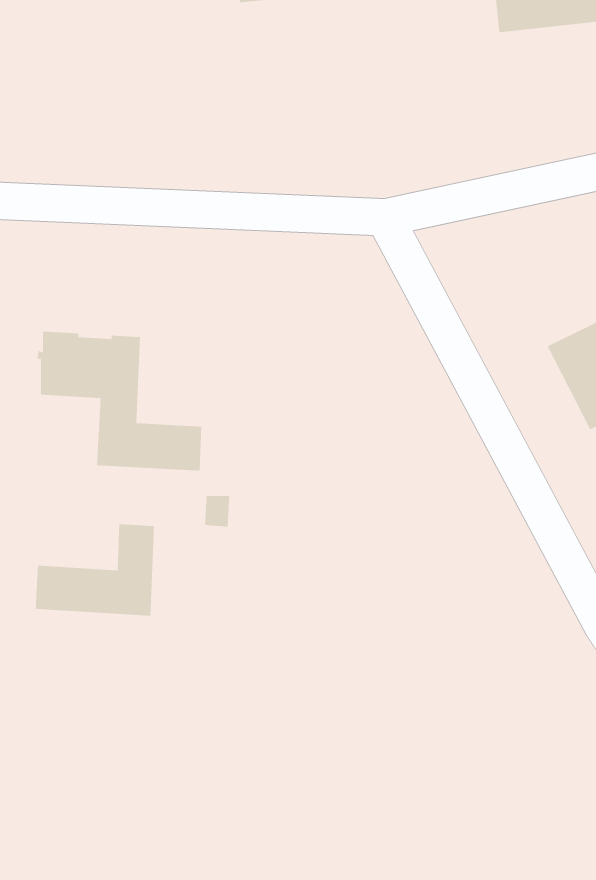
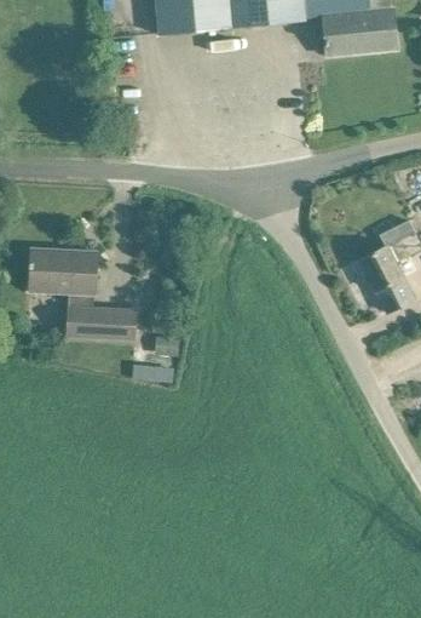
building: [35,524,155,616] -> none

